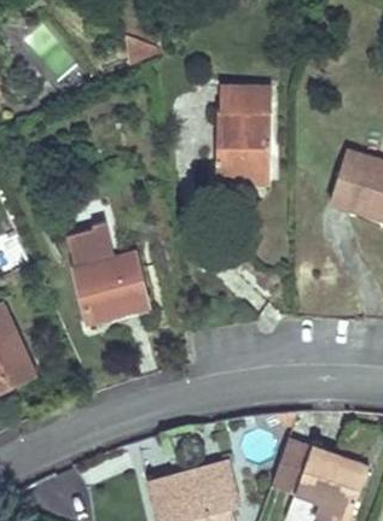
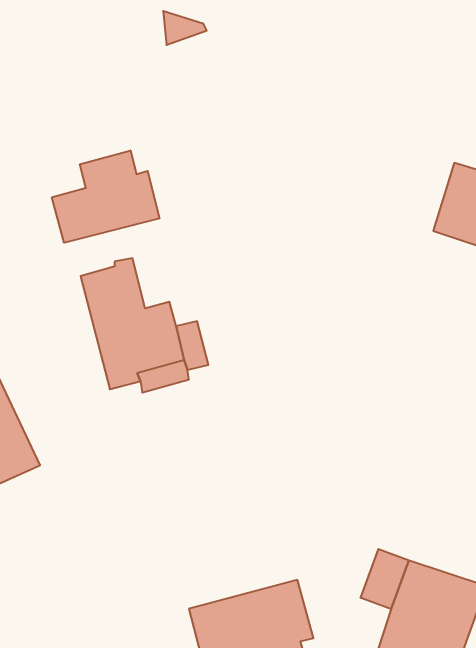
building: [216,84,273,181] -> none
building: none -> [52,150,159,243]

